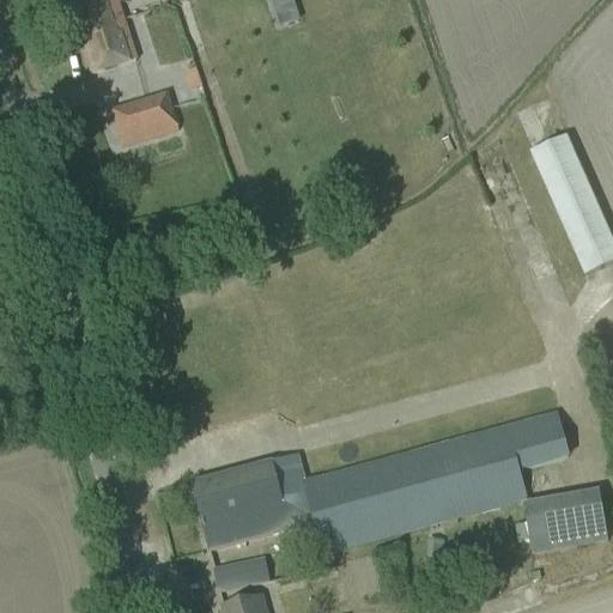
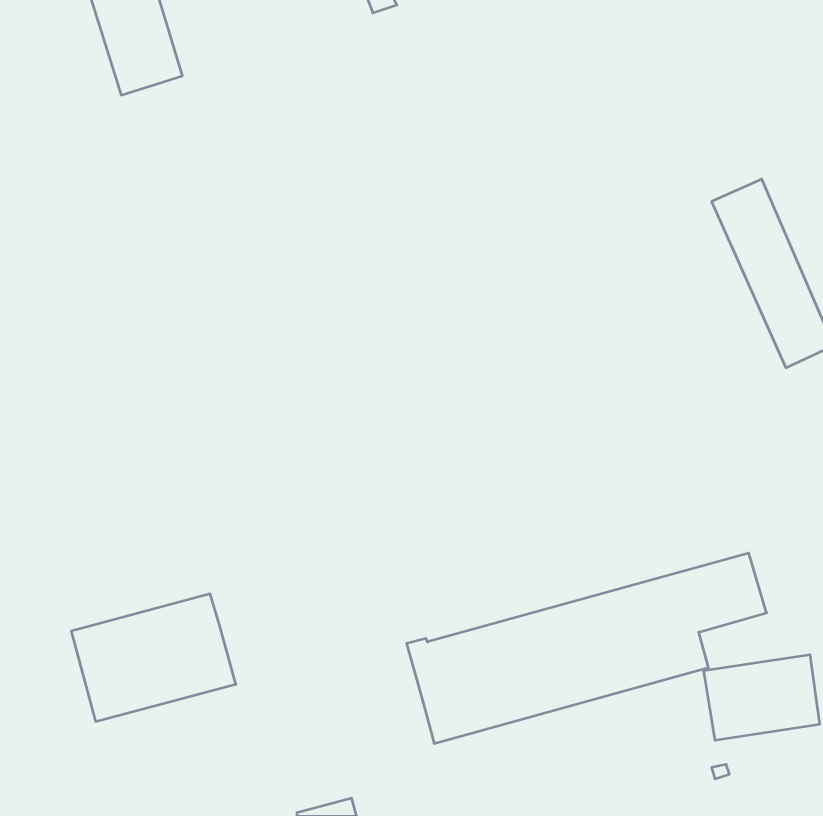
building: [113,87,178,145] -> none
building: [193,454,315,548] -> [71,594,236,721]
building: [216,557,269,590] -> none

